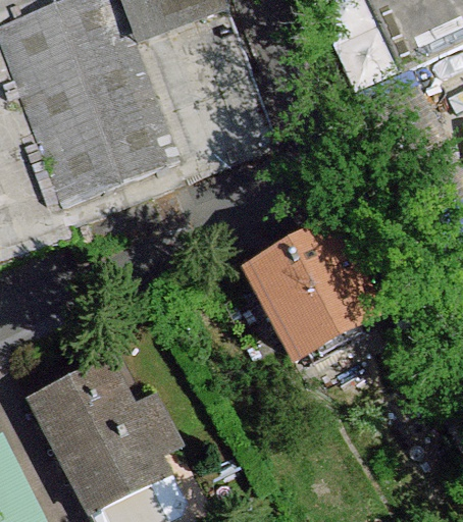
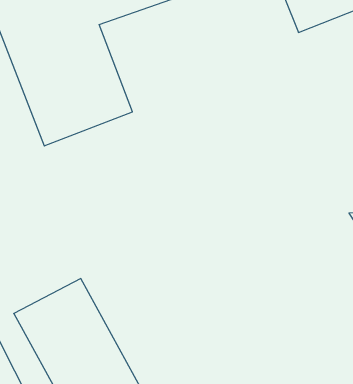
building: [249,234,365,350] -> none

